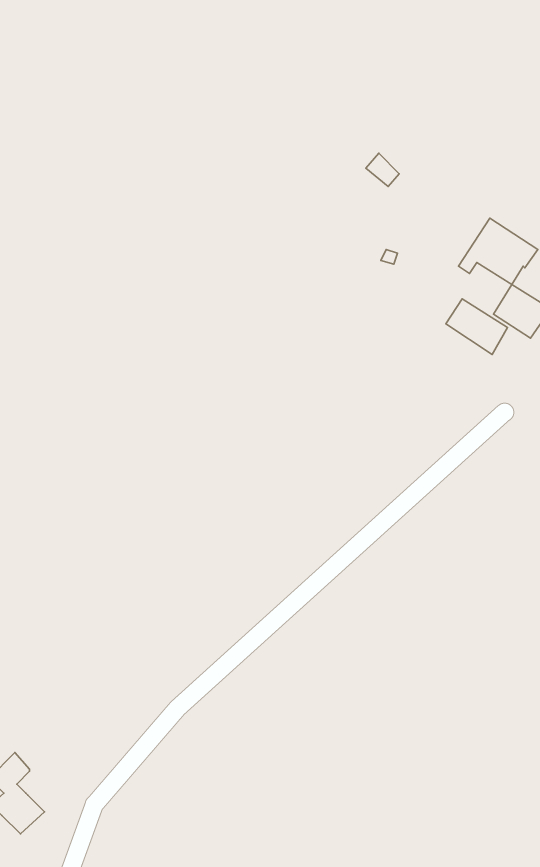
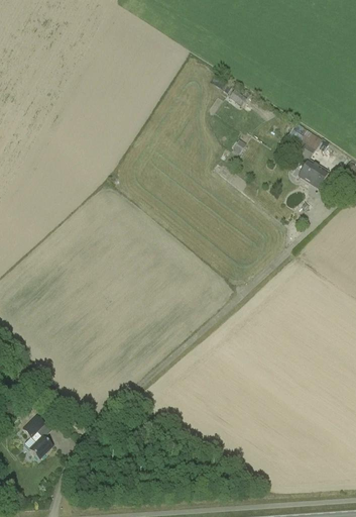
building: [446,299,507,354] -> none

